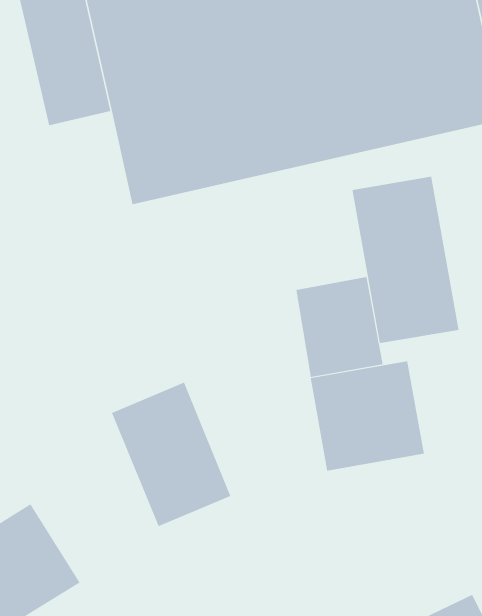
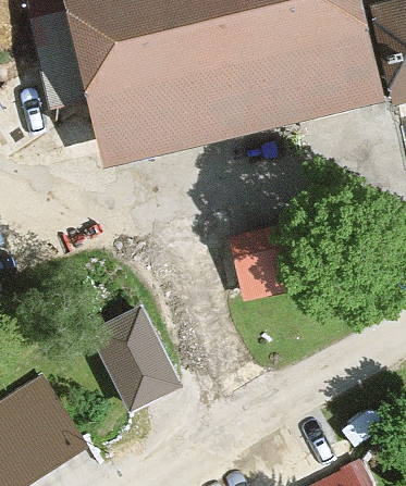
building: [352,176,459,344] -> none
building: [310,361,425,471] -> none

